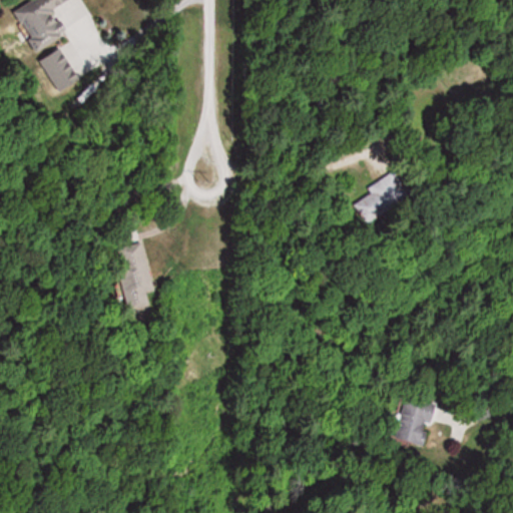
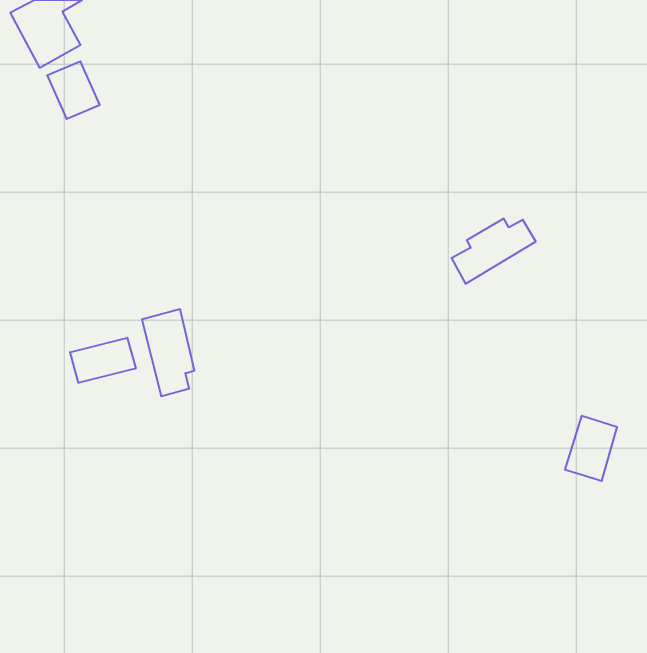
building: none -> [70,338,136,383]
building: [396,395,437,446] -> [565,416,617,481]

